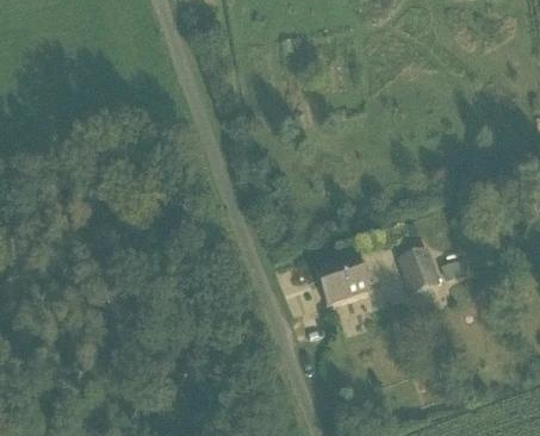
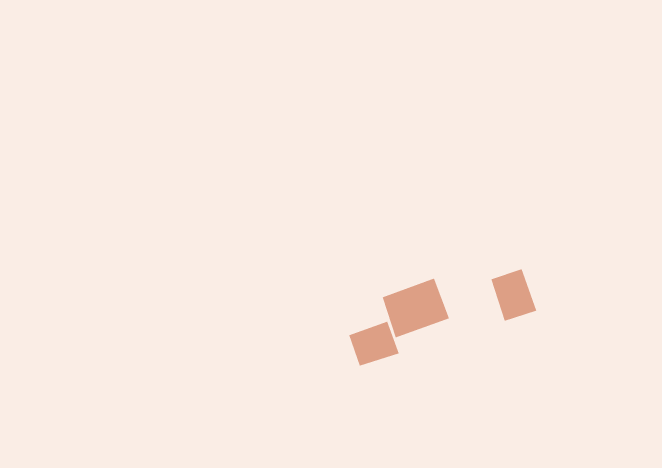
building: none -> [348,321,399,367]

